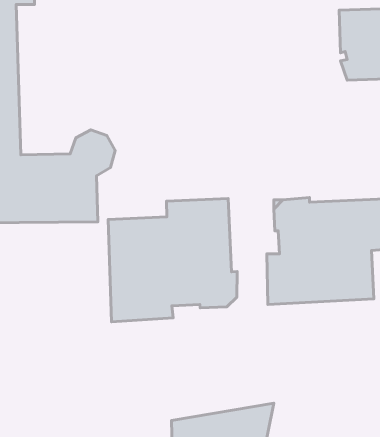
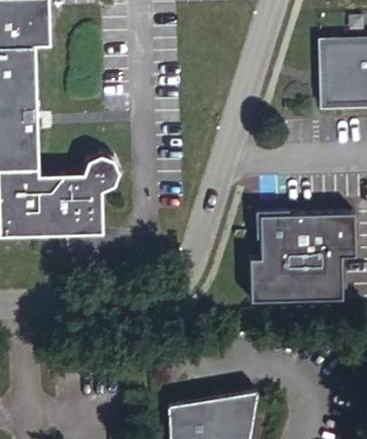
building: [108,199,237,322] -> none

